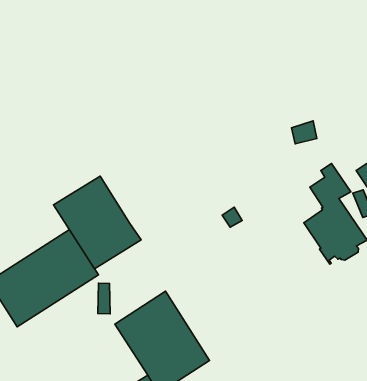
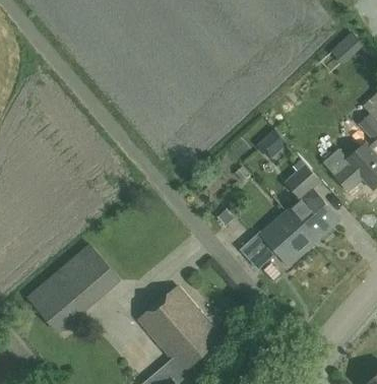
building: [54,176,141,269] -> none
building: none -> [241,212,312,269]

